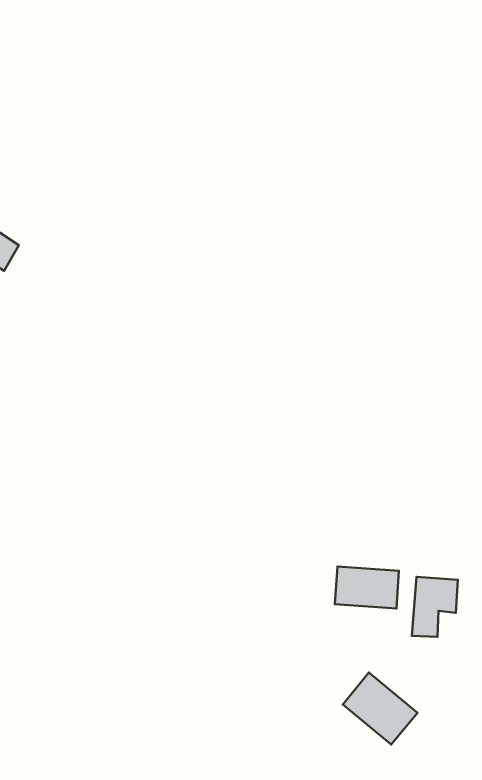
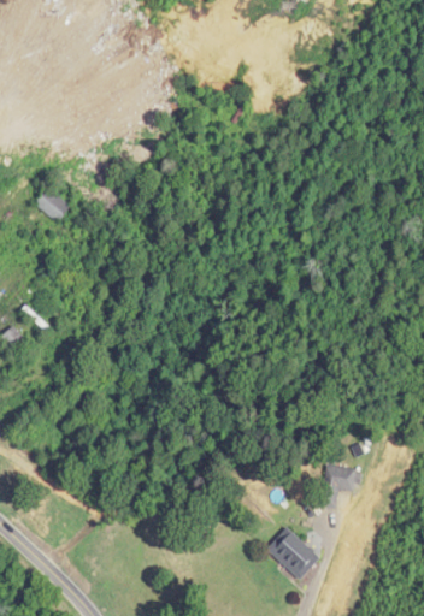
building: [335,566,399,608] -> none

